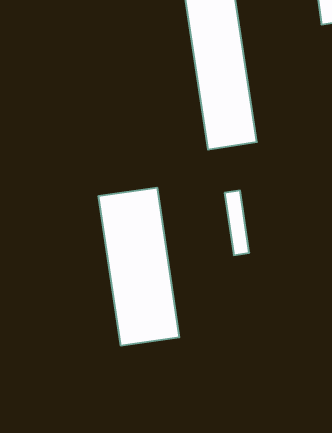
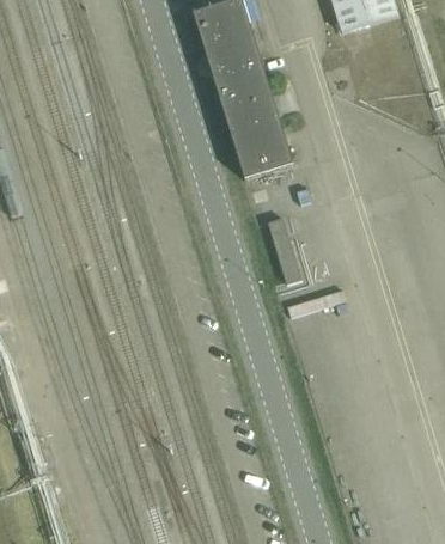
building: [99,188,179,346] -> none

